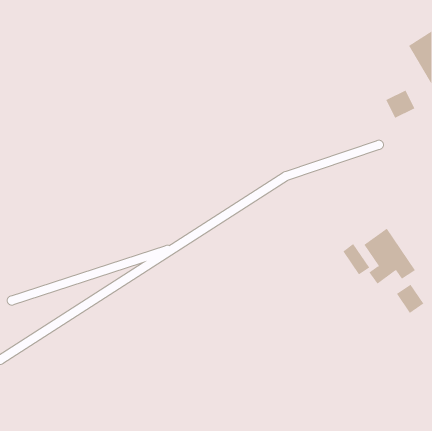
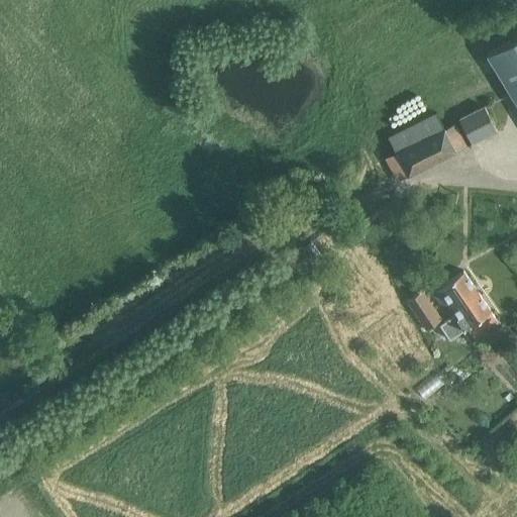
building: none -> [385,115,463,181]
building: [396,284,424,314] -> none

